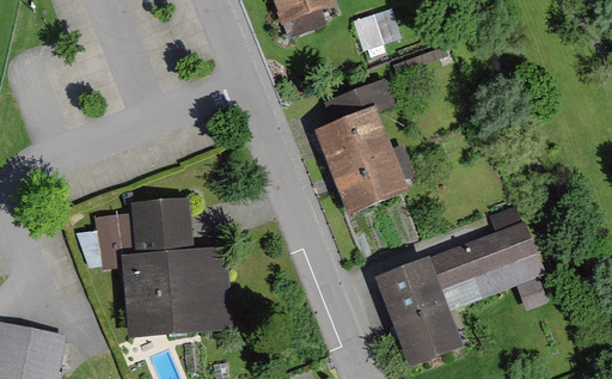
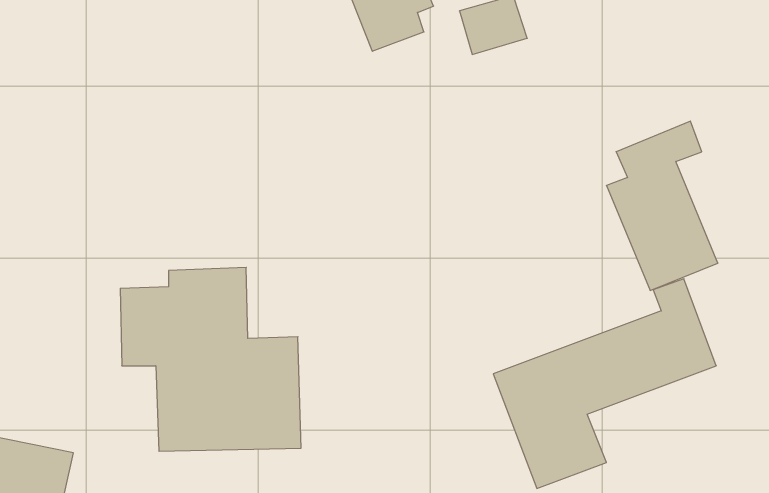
building: [320,81,403,207] -> [606,121,718,290]

